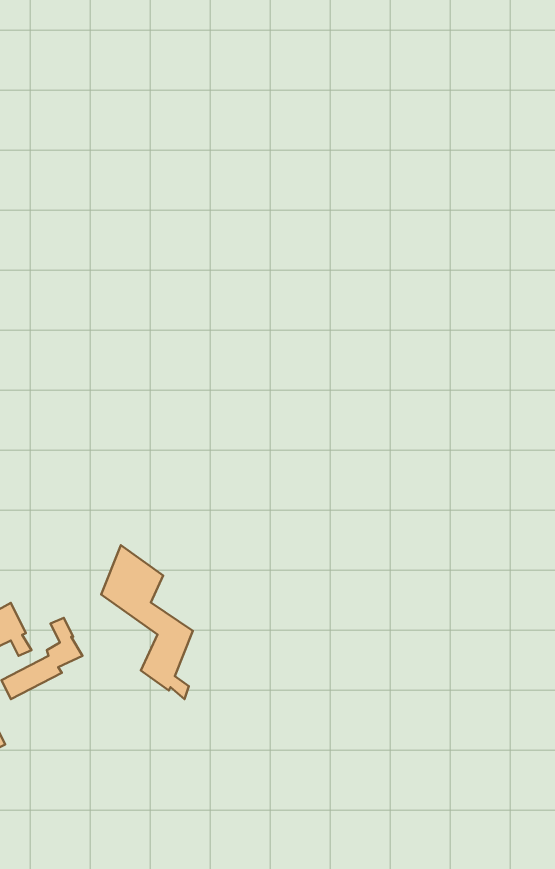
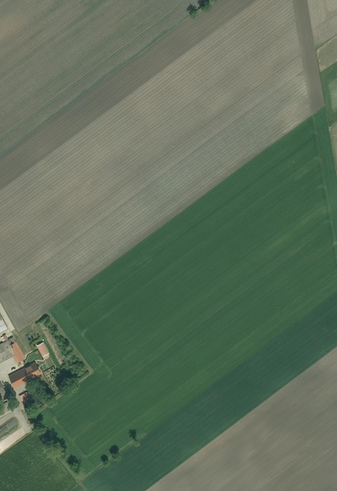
building: [101,545,193,699] -> none

